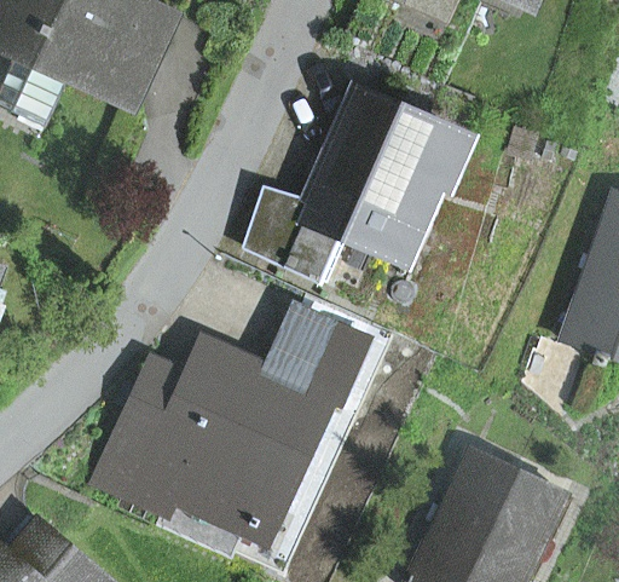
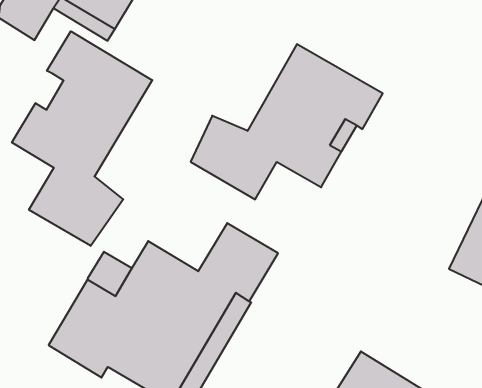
building: none -> [12,31,152,246]

